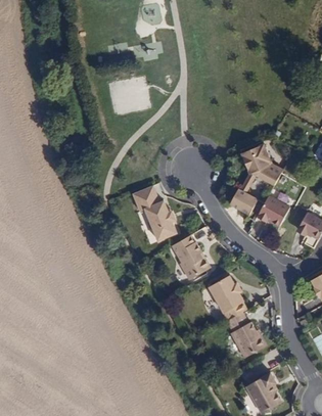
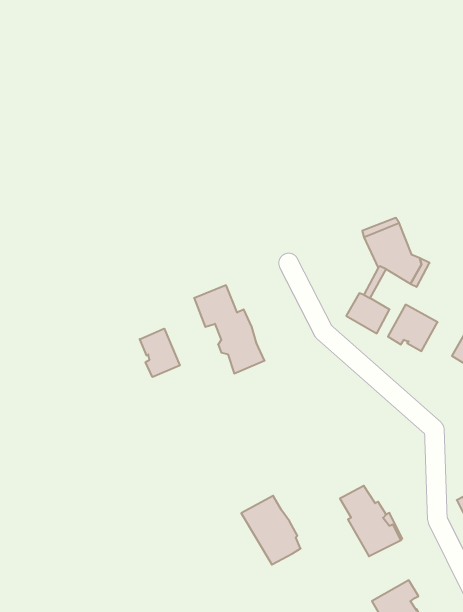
building: none -> [140,329,180,377]
building: [171,234,210,277] -> none
building: [208,275,245,319] -> [241,496,301,565]

